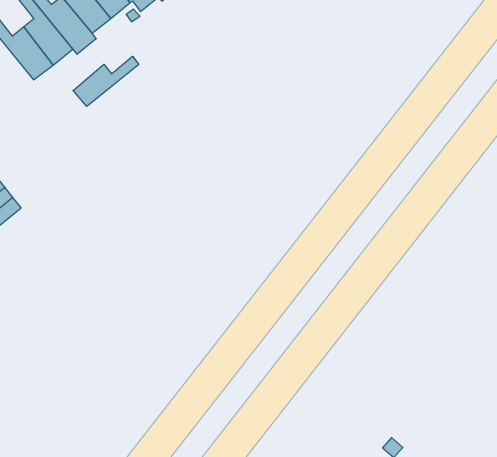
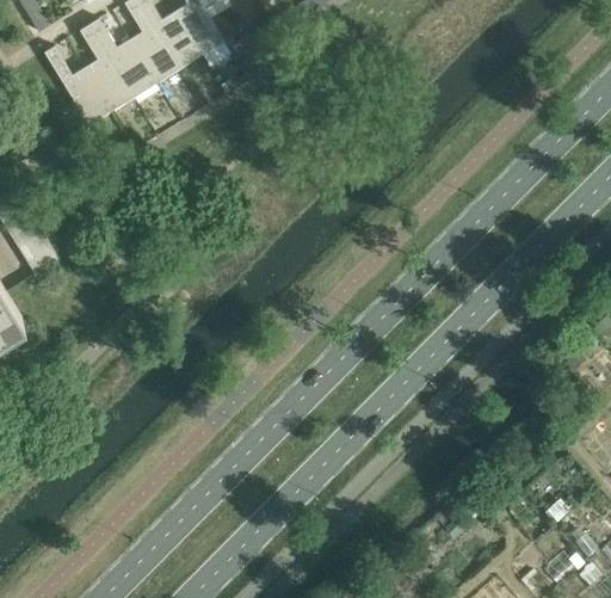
building: [73,56,139,106] -> none

